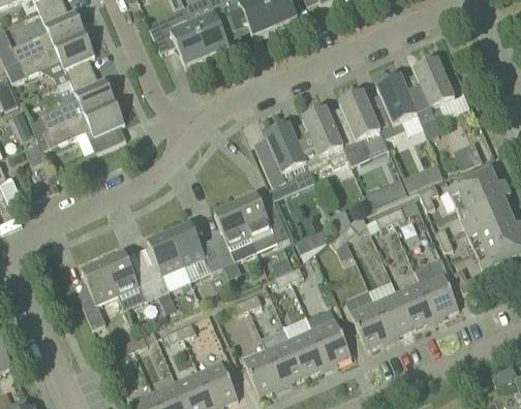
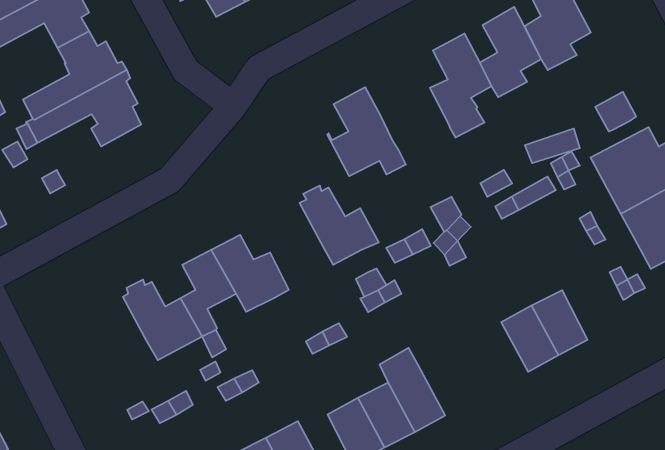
building: [298,107,347,171] -> none
building: [211,203,255,265] -> none
building: [79,261,117,328] -> none
building: [413,262,458,318] -> none
building: [349,301,390,348] -> none
building: [311,317,350,365] -> none

